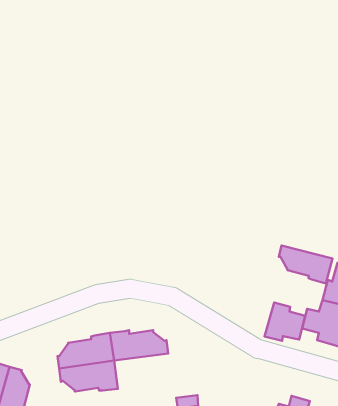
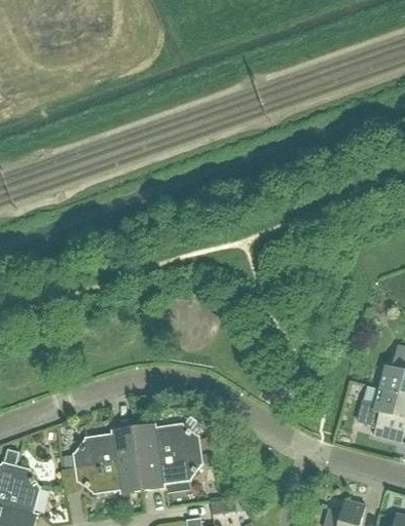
building: [279,246,332,283] -> none
building: [265,302,305,341] -> none
building: none -> [138,450,202,491]

